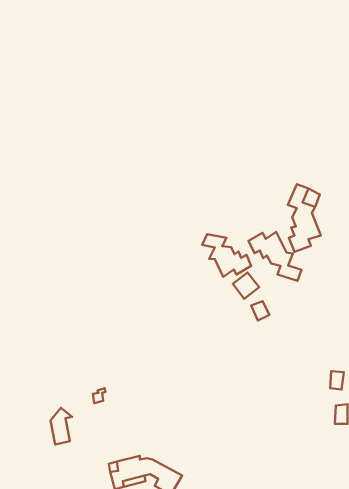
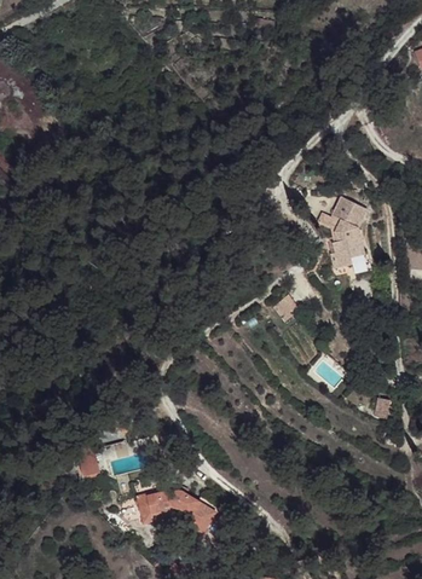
building: [248,232,301,281] -> none
building: [202,234,251,277] -> none

